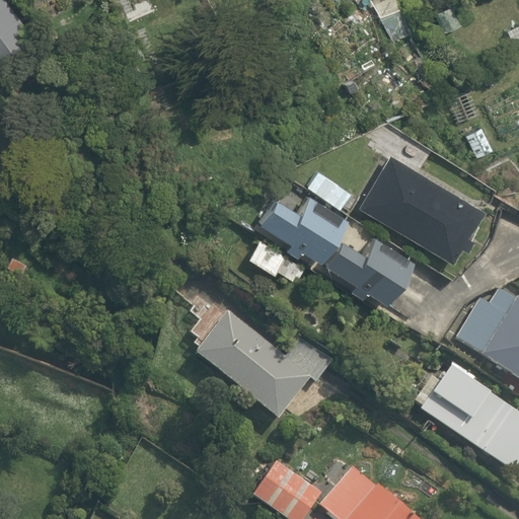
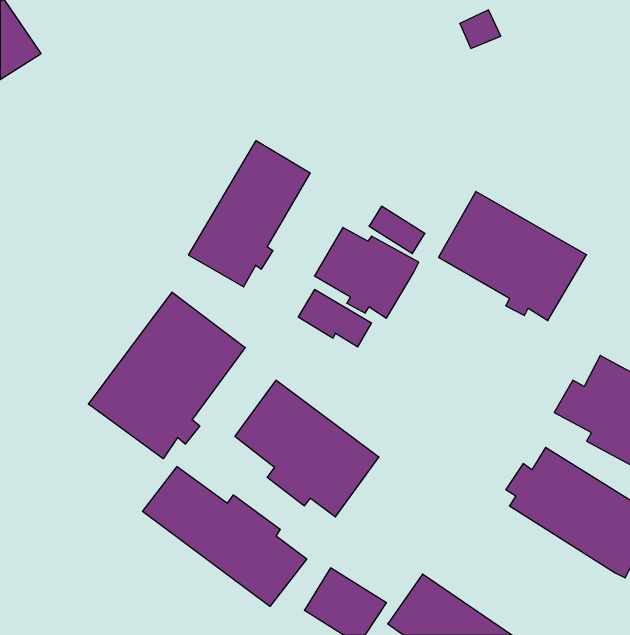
building: none -> [189,141,310,287]
building: [323,224,410,301] -> none
building: none -> [88,292,245,459]
building: none -> [143,467,307,606]

